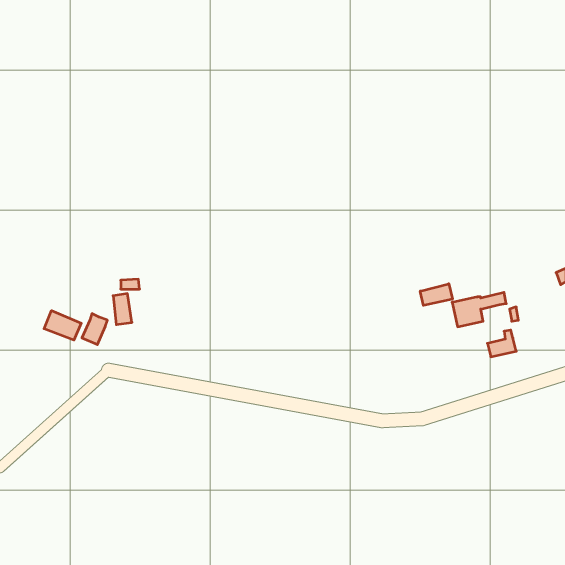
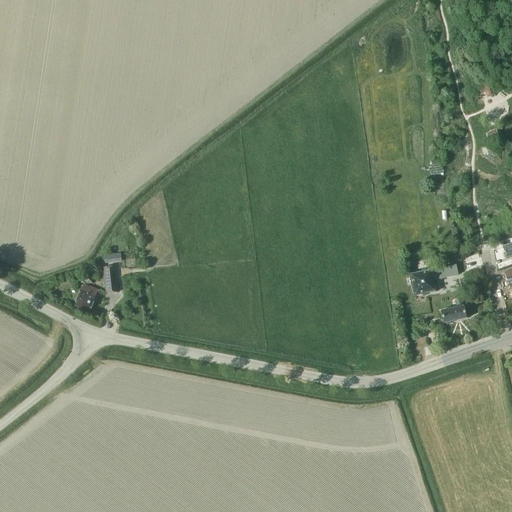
building: [420,284,452,305] -> none
building: [44,311,81,340] -> none

